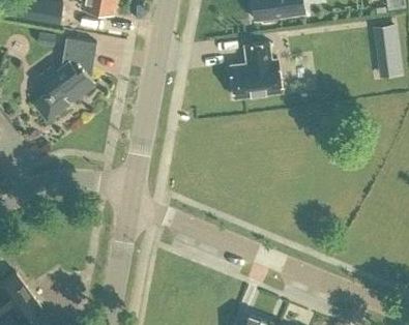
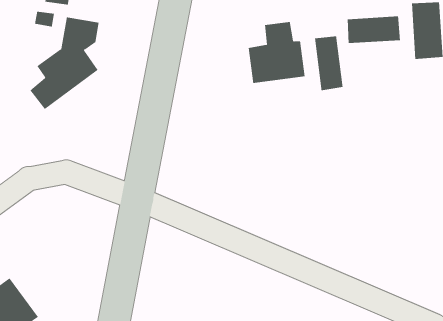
building: none -> [347,16,401,44]
building: none -> [314,35,343,91]

